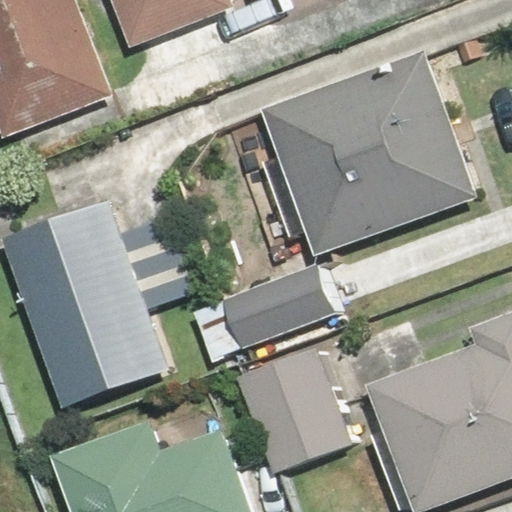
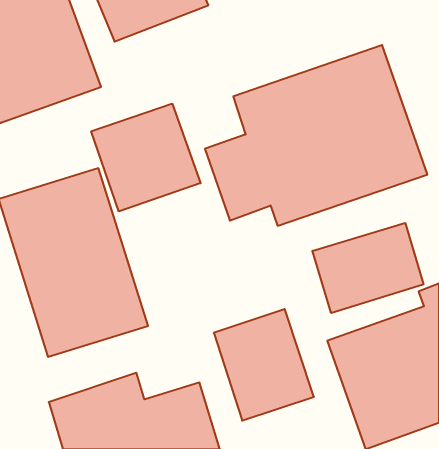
building: none -> [91,104,201,211]
building: none -> [312,223,423,313]
building: [195,270,339,361] -> none

